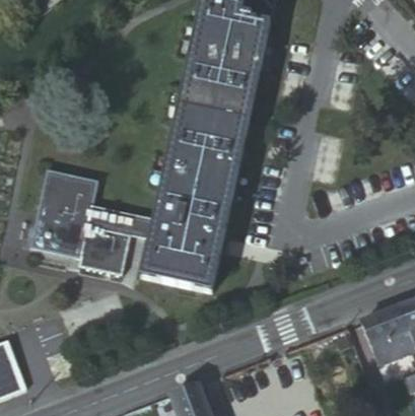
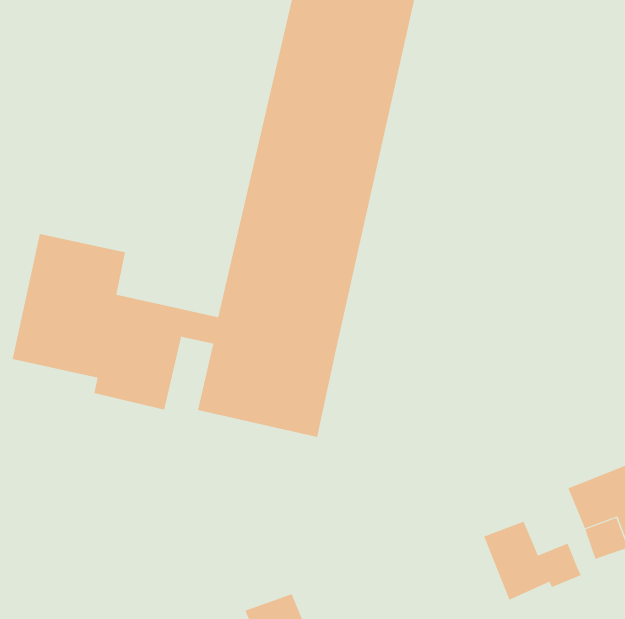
building: none -> [483,521,581,600]

